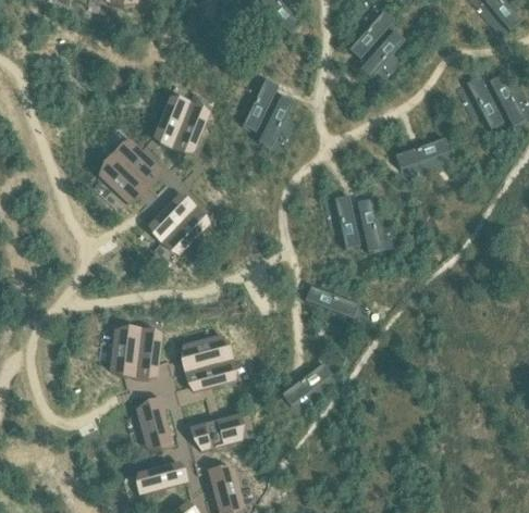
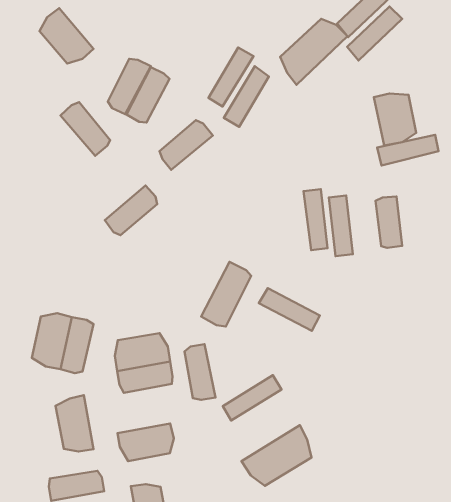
building: none -> [280,19,348,85]
building: none -> [374,94,416,145]
building: [99,153,148,201] -> [40,8,94,64]
building: none -> [375,196,402,248]
building: [149,196,195,241] -> [159,120,213,170]
building: none -> [201,262,251,327]
building: none -> [184,344,215,400]
building: none -> [241,425,312,486]

